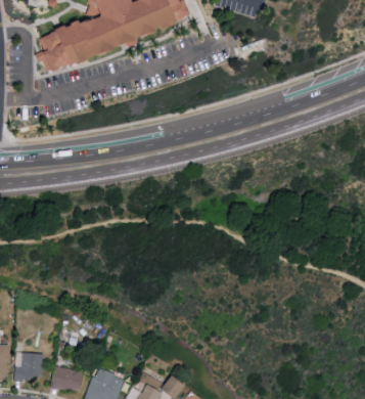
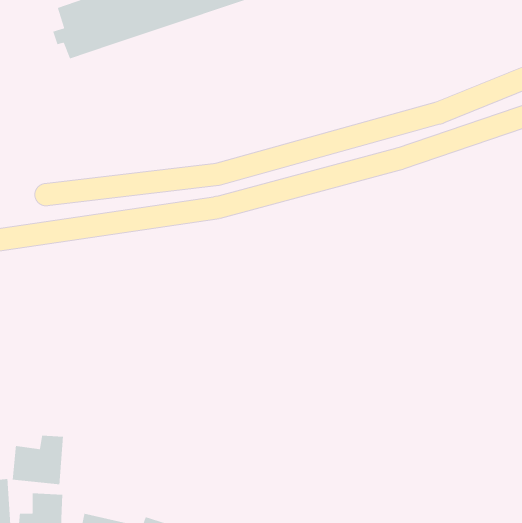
building: none -> [12,435,64,485]

